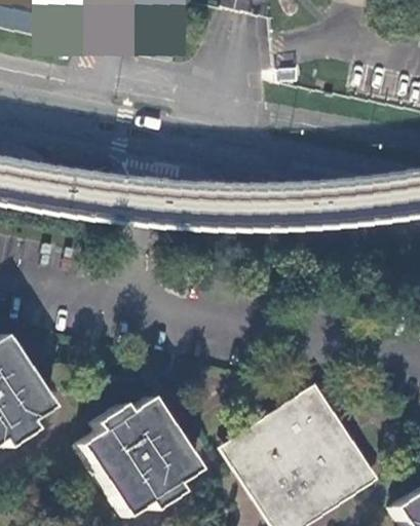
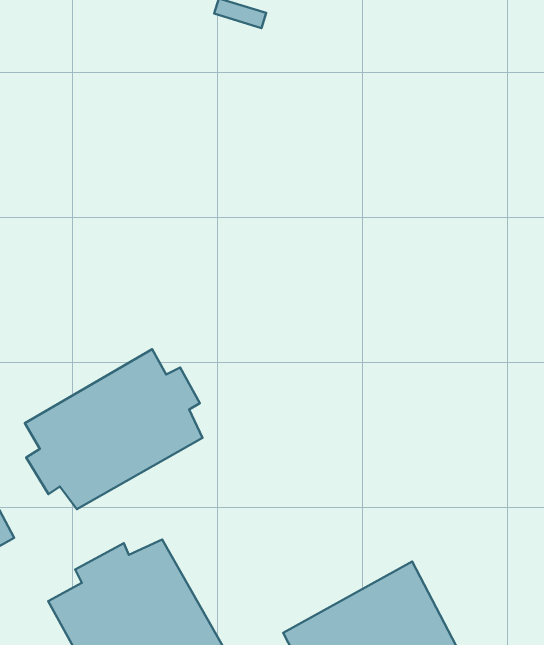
building: none -> [25,349,203,509]

